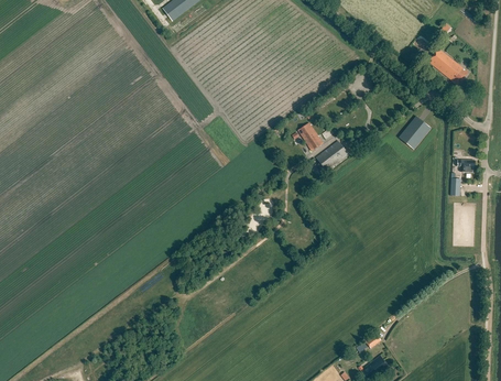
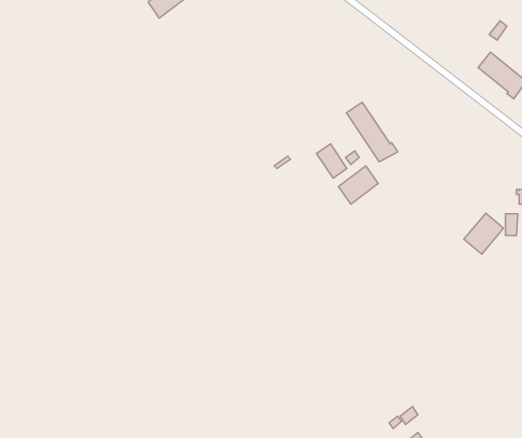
building: none -> [346,102,398,162]
building: [399,116,431,149] -> [464,213,504,254]

